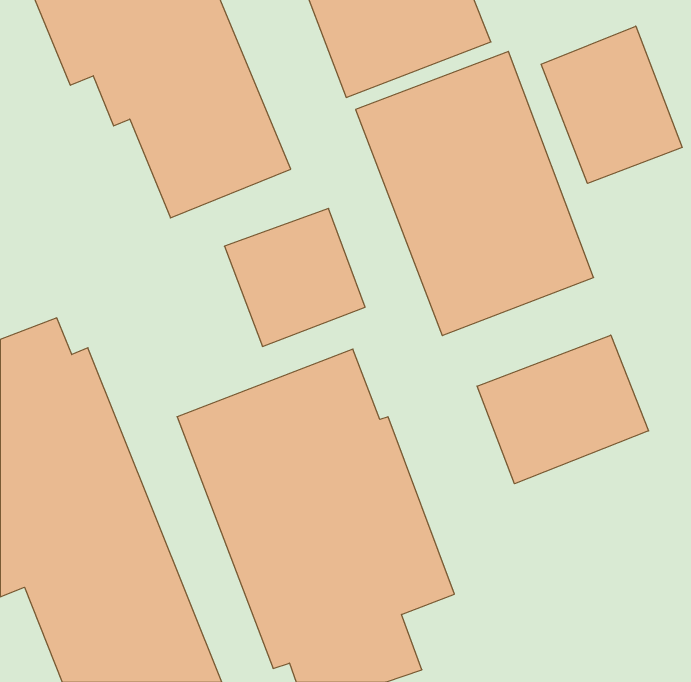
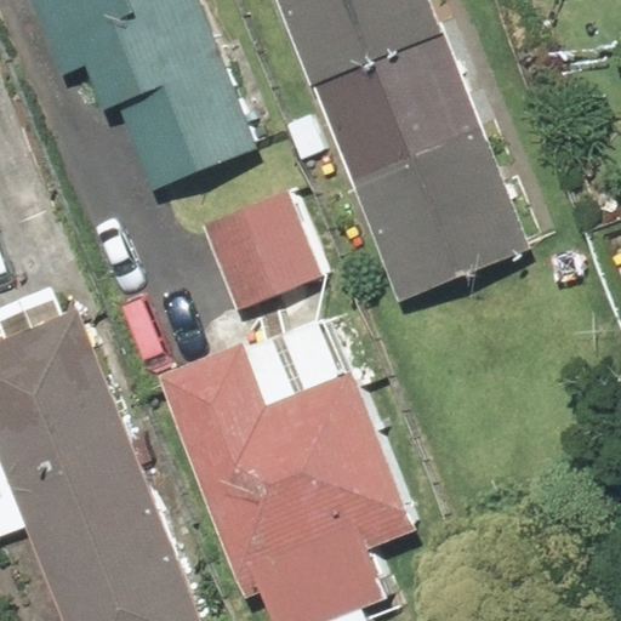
building: [541,26,682,183] -> none
building: [477,335,649,484] -> none

